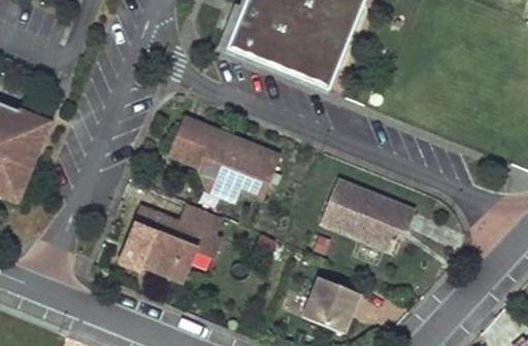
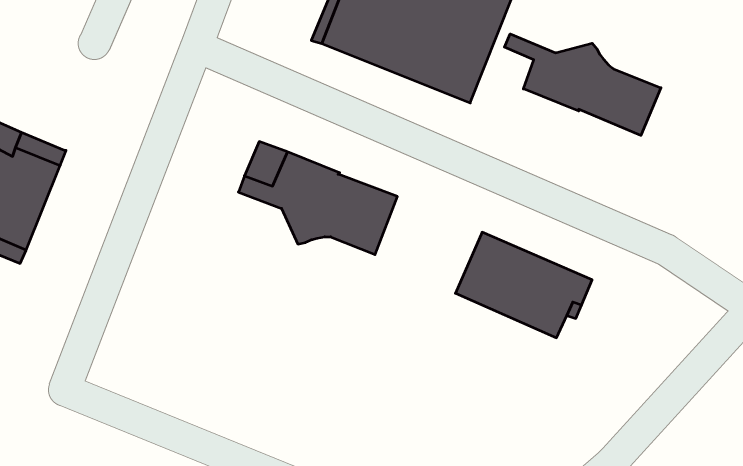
building: none -> [504,34,661,135]
building: [132,204,223,280] -> none
building: [303,276,360,332] -> none

